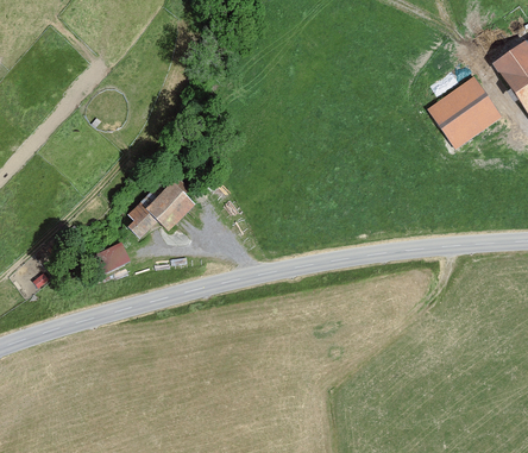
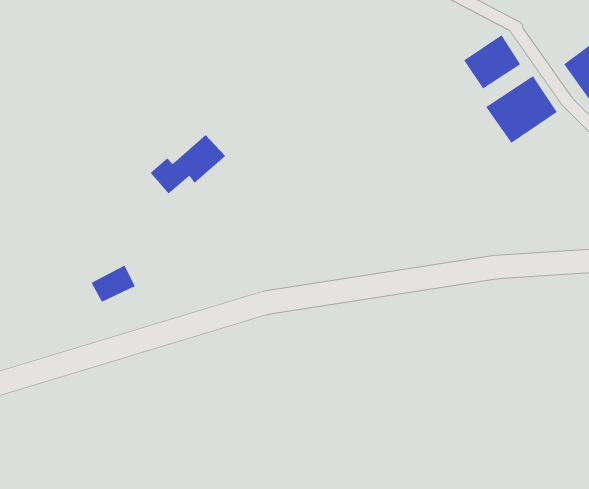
building: none -> [463,34,521,90]
building: [126,183,193,235] -> [149,134,226,195]

